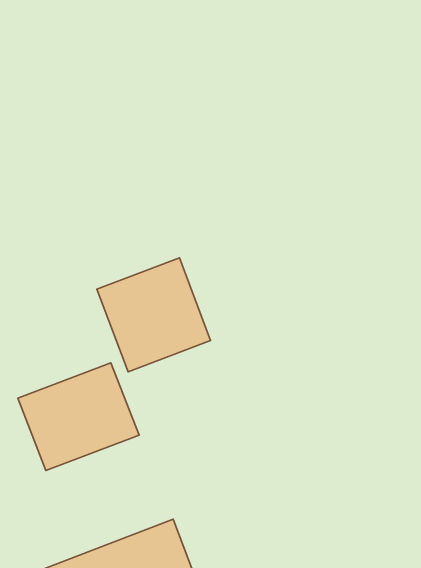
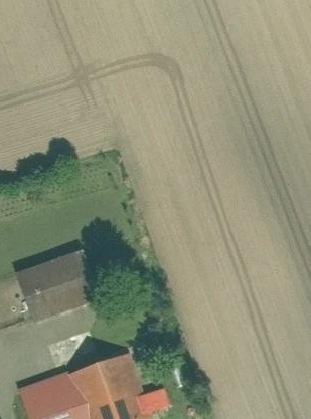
building: [97,258,211,372] -> none

